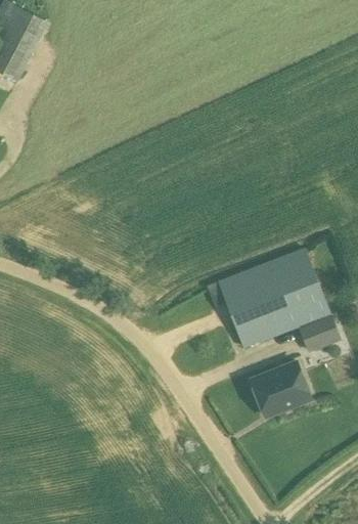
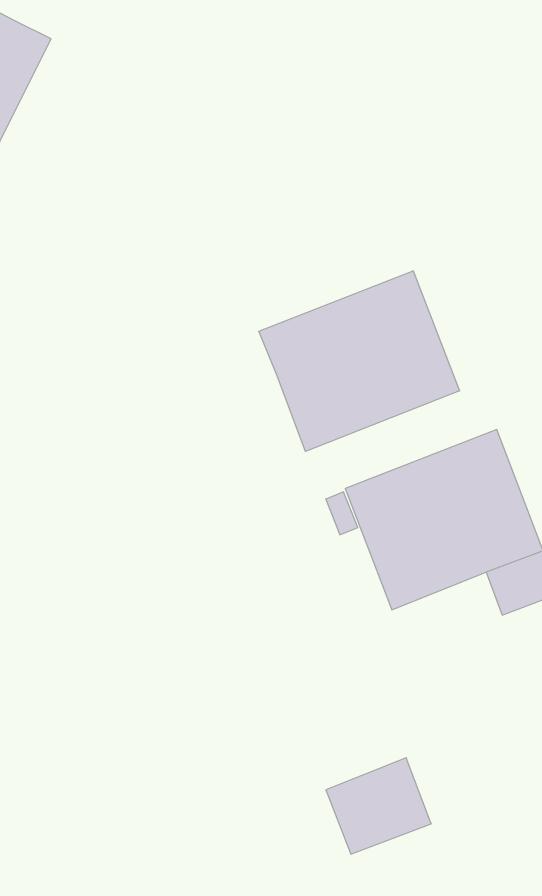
building: none -> [259,271,460,451]
building: [250,361,310,417] -> [326,758,431,854]

